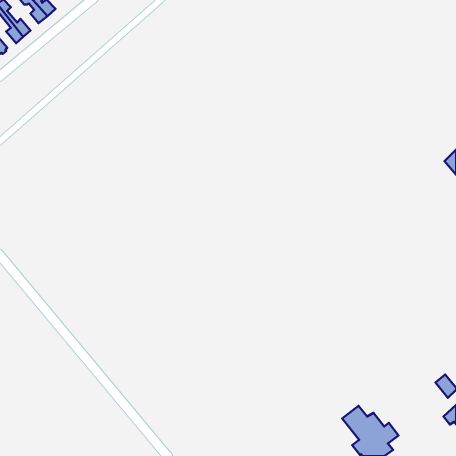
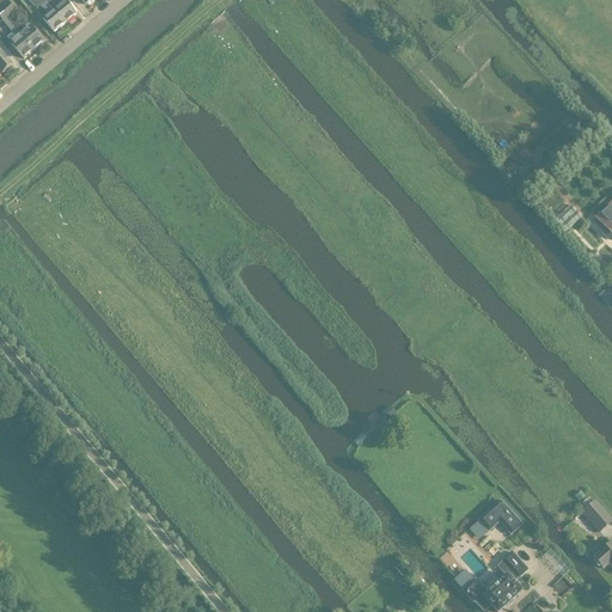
building: none -> [477,500,519,533]

